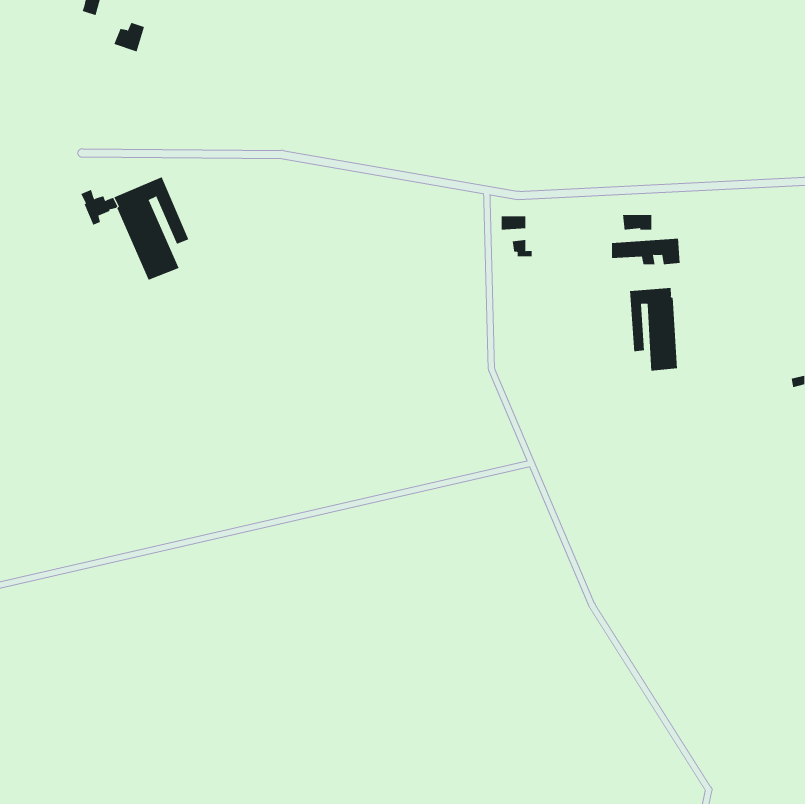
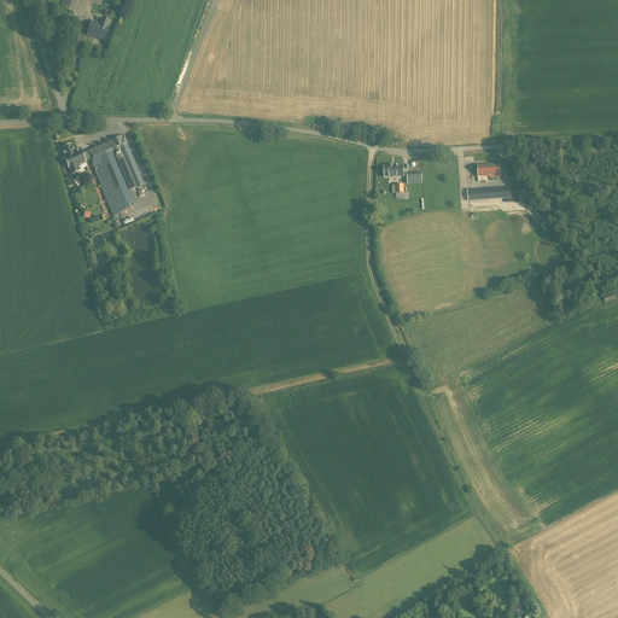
building: [630,287,678,371] -> none

